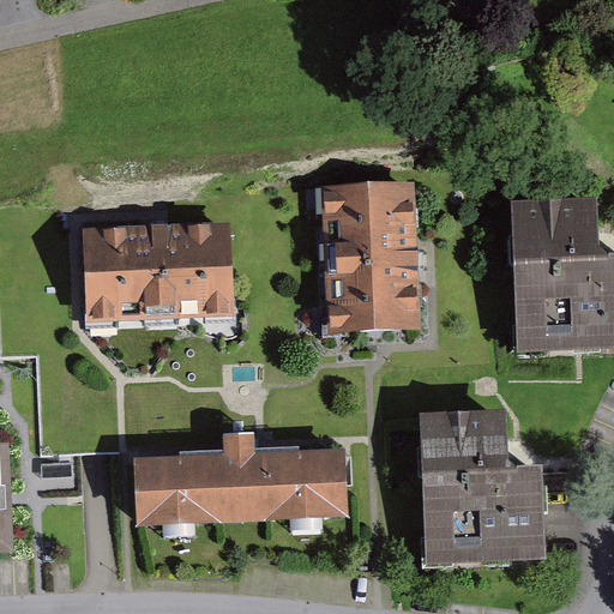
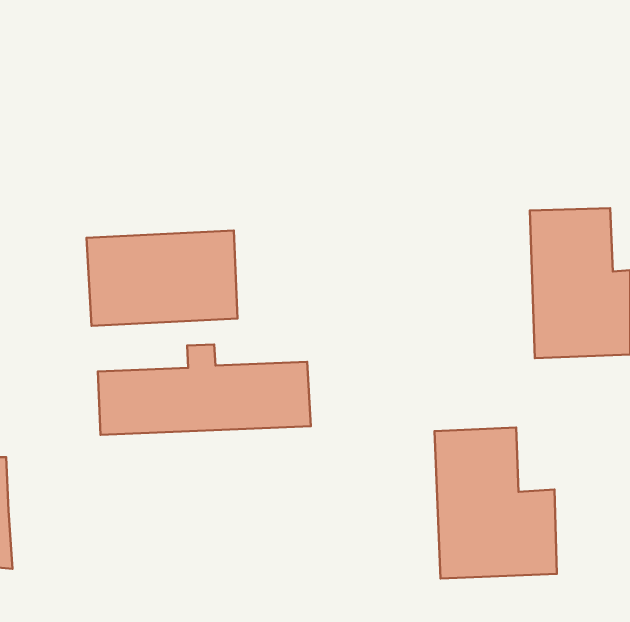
building: [325,186,414,326] -> none
building: [137,433,343,520] -> [98,344,311,435]

